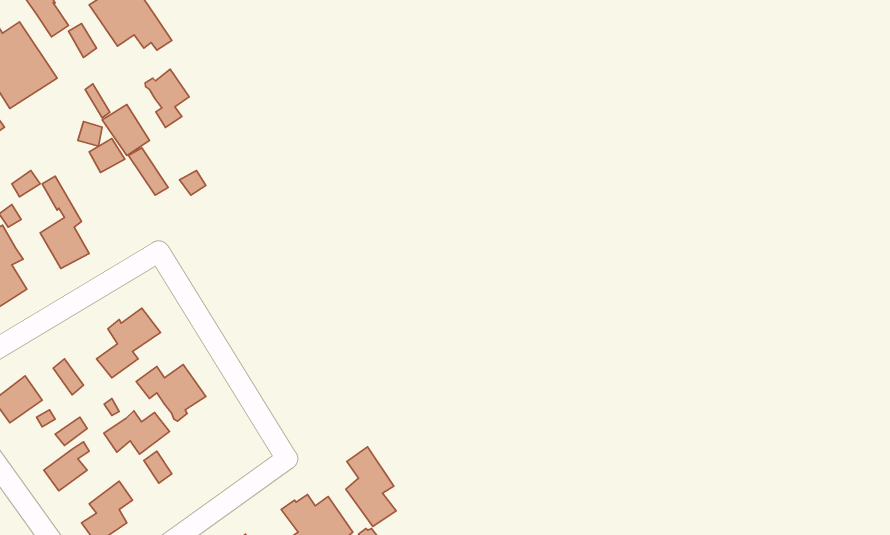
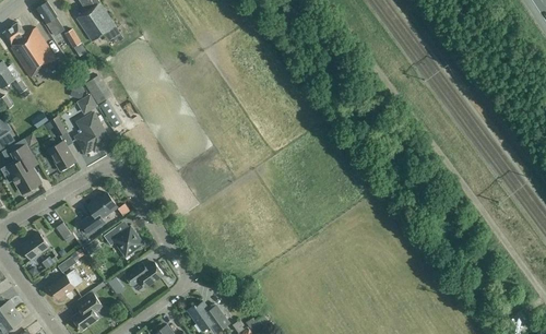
building: [145,69,189,127] -> none
building: none -> [75,112,109,153]
building: [104,411,170,454] -> [124,262,163,287]
building: [346,447,396,527] -> none

